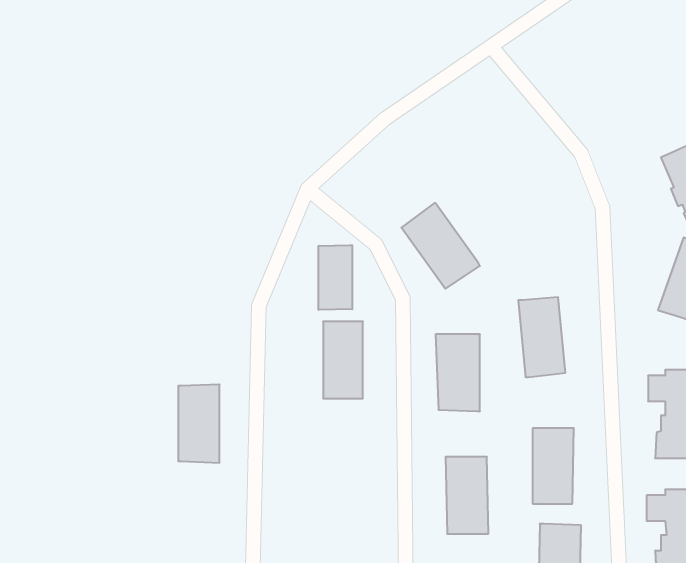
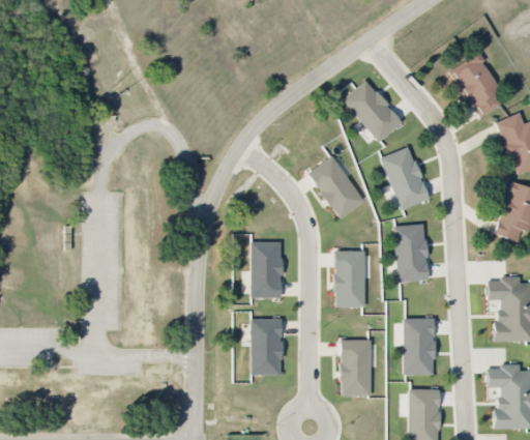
building: none -> [449,52,502,118]
building: none -> [344,81,401,143]
building: none -> [381,148,430,210]
building: [319,245,352,310] -> none
building: [178,384,220,463] -> [251,319,281,376]

